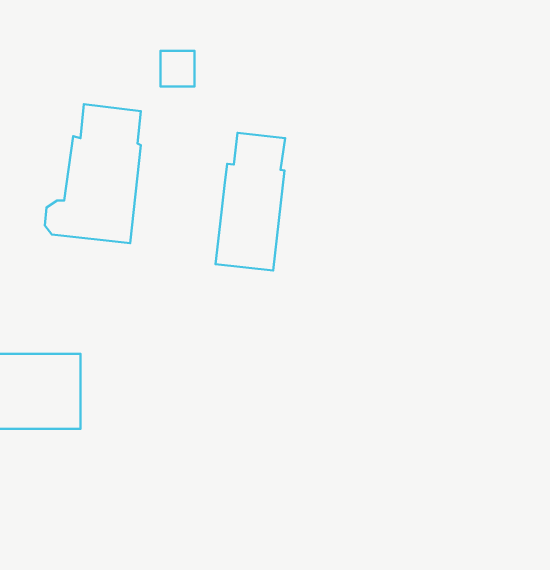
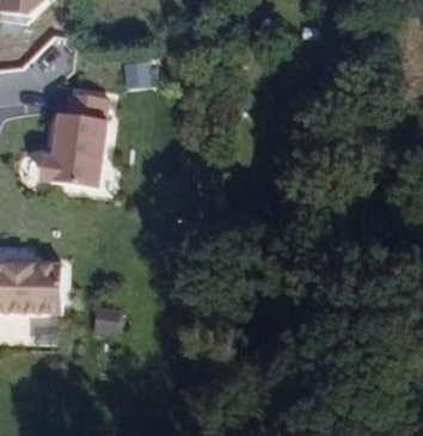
building: [216,133,285,271] -> none

